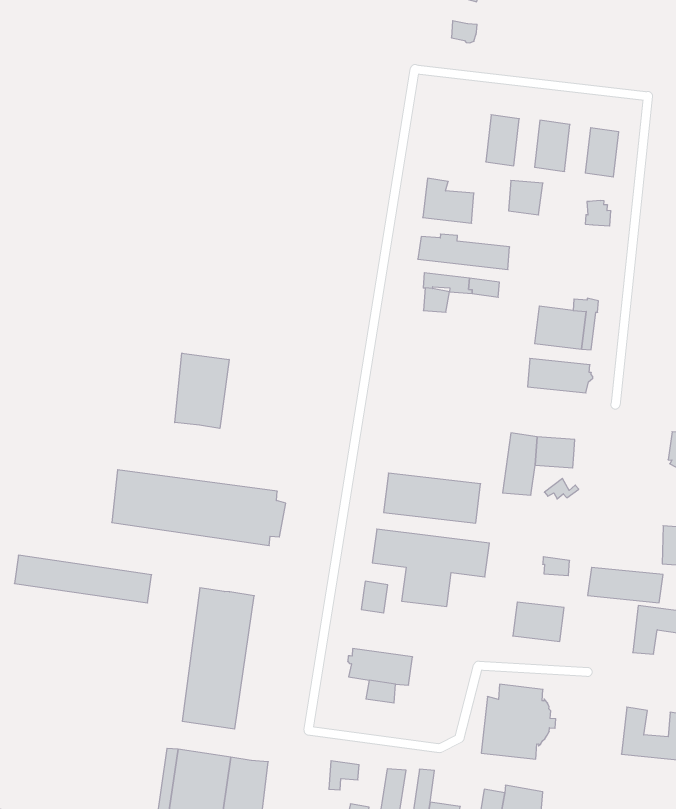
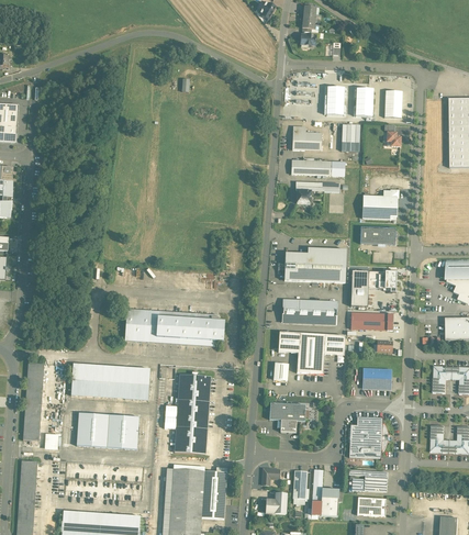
building: [175,353,229,428] -> none
building: none -> [284,247,346,282]
building: [588,567,663,603] -> [350,312,393,330]
building: none -> [70,379,149,400]
building: none -> [76,412,138,448]

